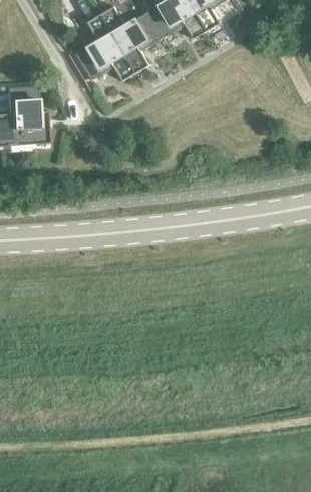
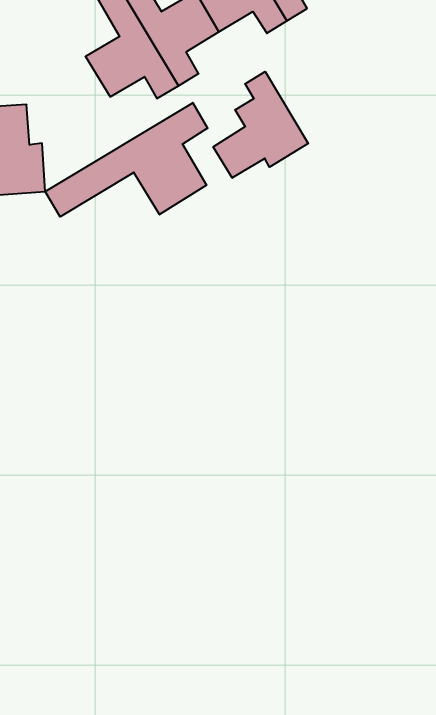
building: none -> [213,72,308,178]
building: none -> [45,103,208,217]

